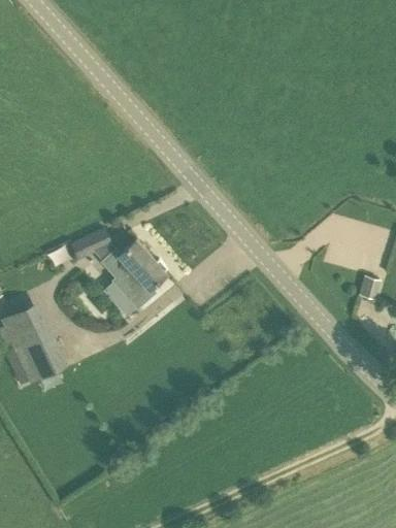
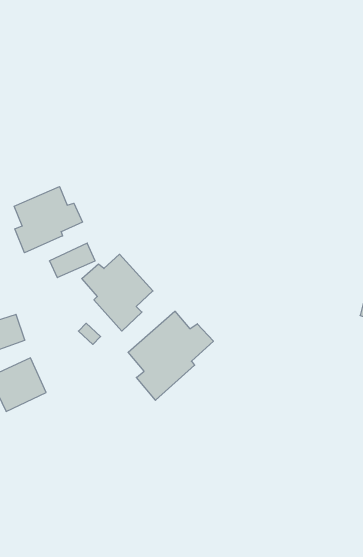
building: none -> [14,187,83,253]
building: none -> [128,311,213,400]

